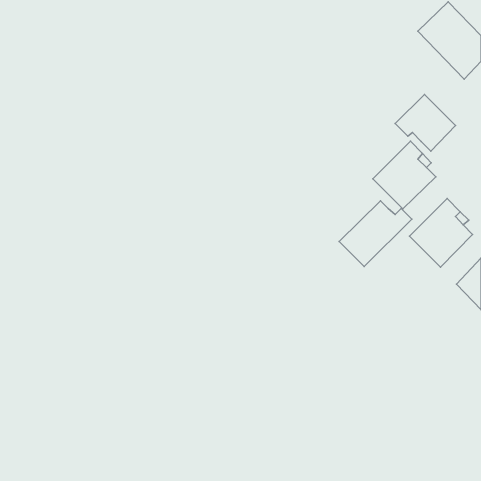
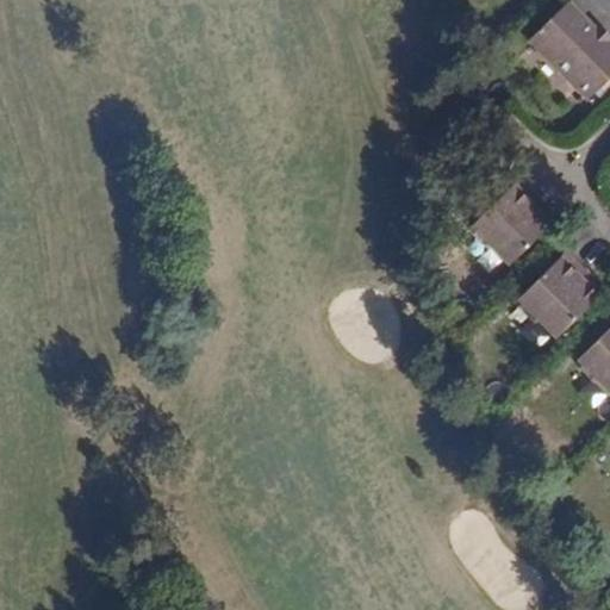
building: [395,94,456,151] -> none
building: [339,201,412,267] -> none

